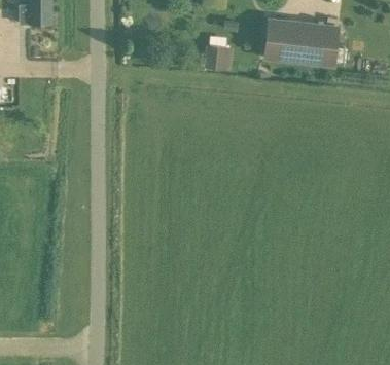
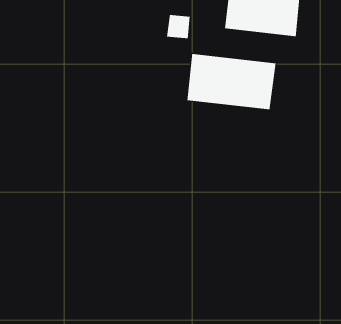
building: none -> [187,53,276,110]

